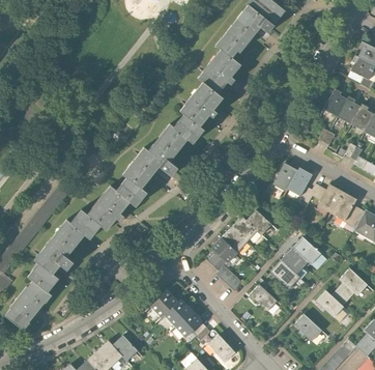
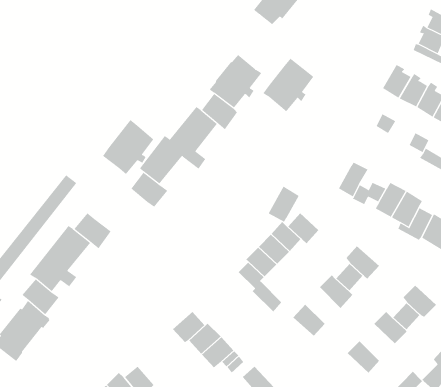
building: [200,48,242,92] -> [262,58,314,112]
building: [271,163,297,193] -> [268,186,300,222]
building: [88,184,131,230] -> [102,119,154,175]

